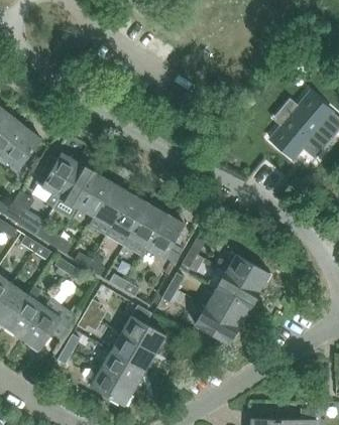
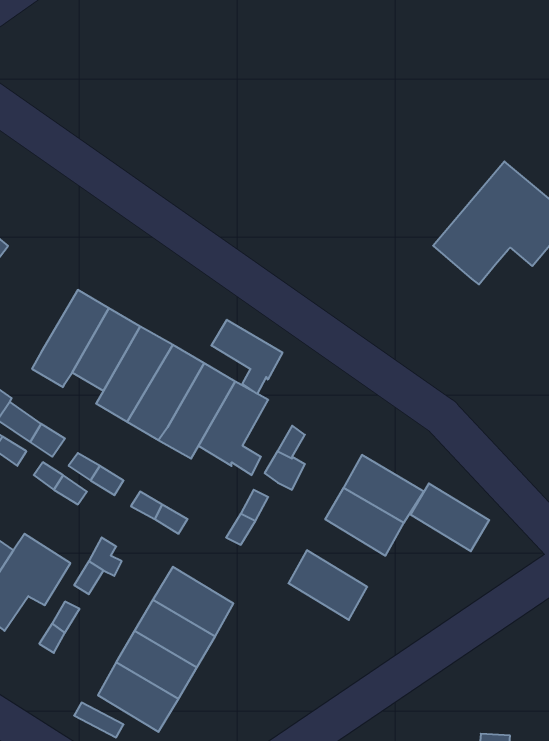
building: [41,153,79,197] -> none
building: none -> [211,320,282,394]
building: [205,289,248,326] -> [410,483,489,551]

